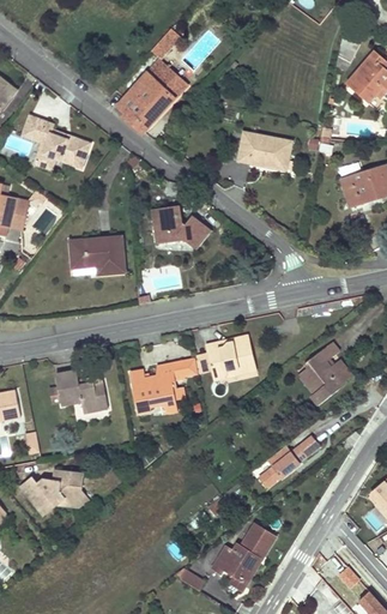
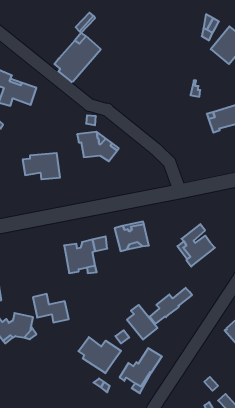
building: [237,132,290,168] -> none
building: [56,371,109,413] -> [33,294,69,322]
building: none -> [127,305,157,340]
building: none -> [78,337,121,373]

